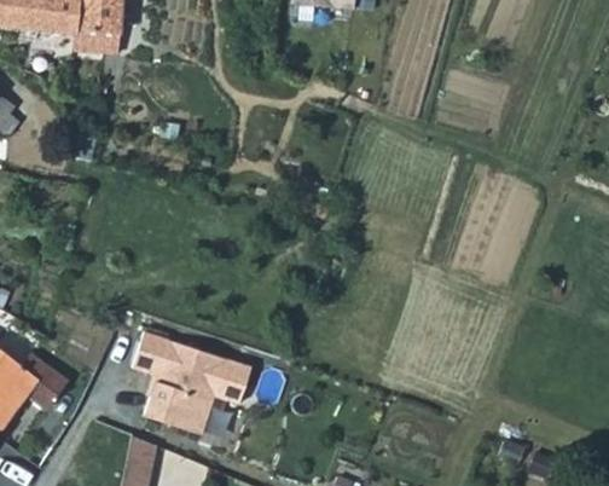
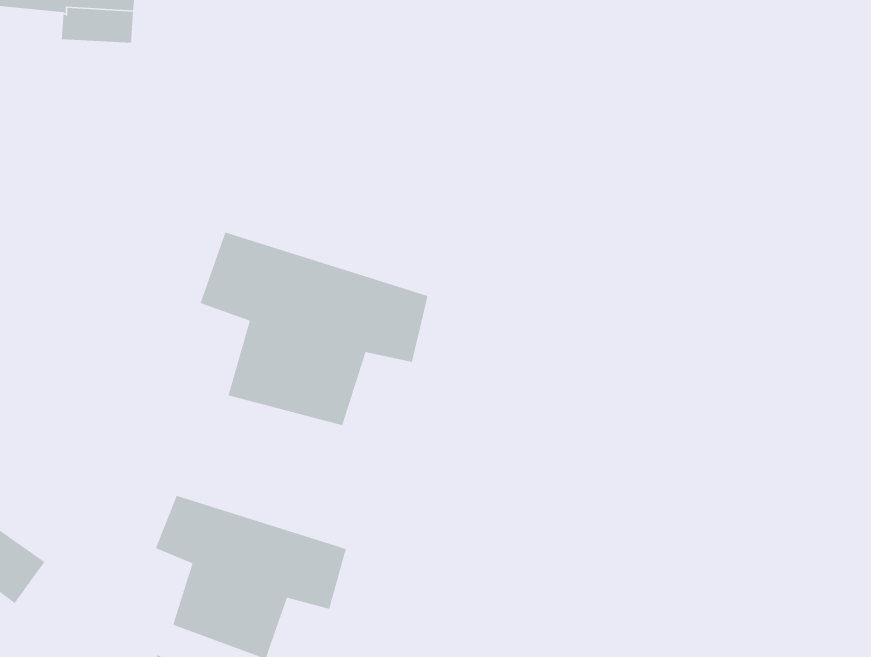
building: none -> [200,231,428,426]

